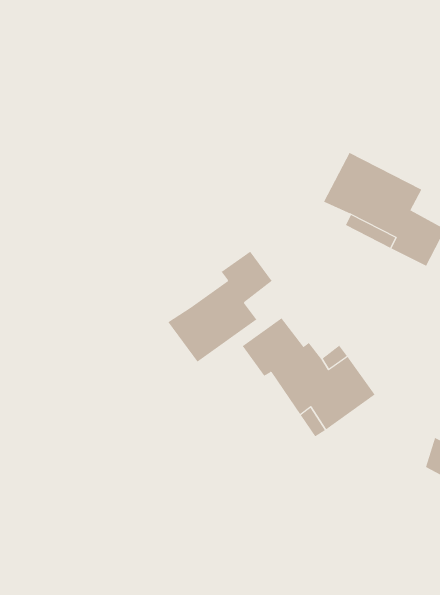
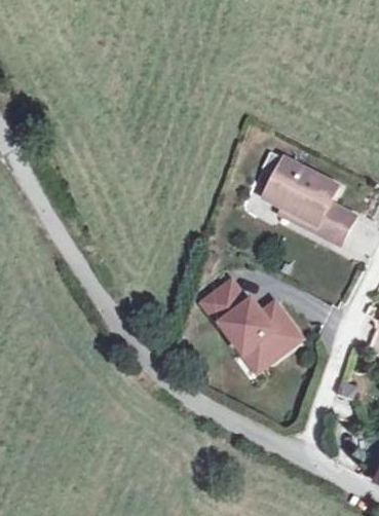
building: [168,251,273,362] -> none

